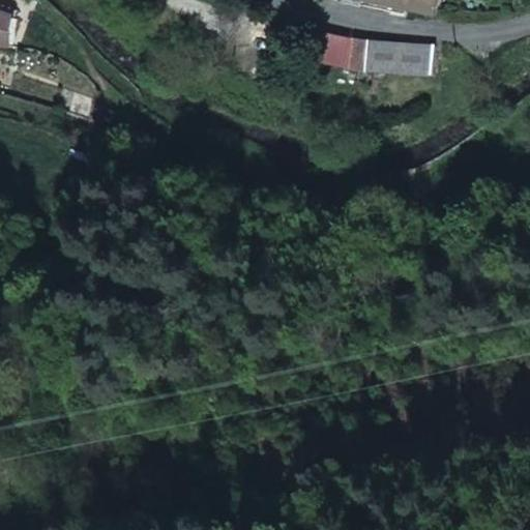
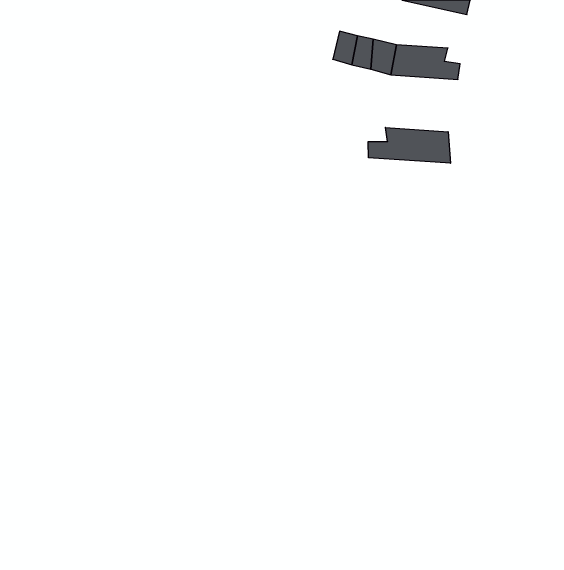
building: none -> [368,127,450,163]

